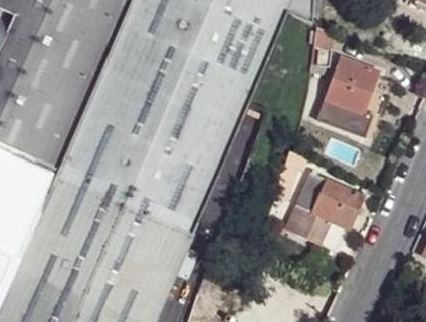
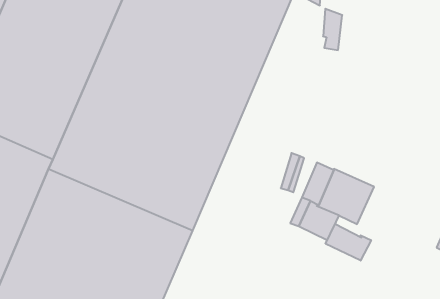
building: [314,55,377,134] -> none
building: none -> [326,224,371,261]

